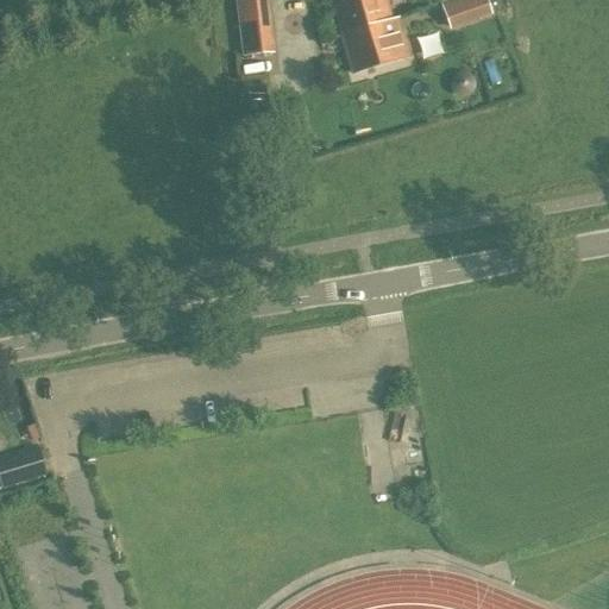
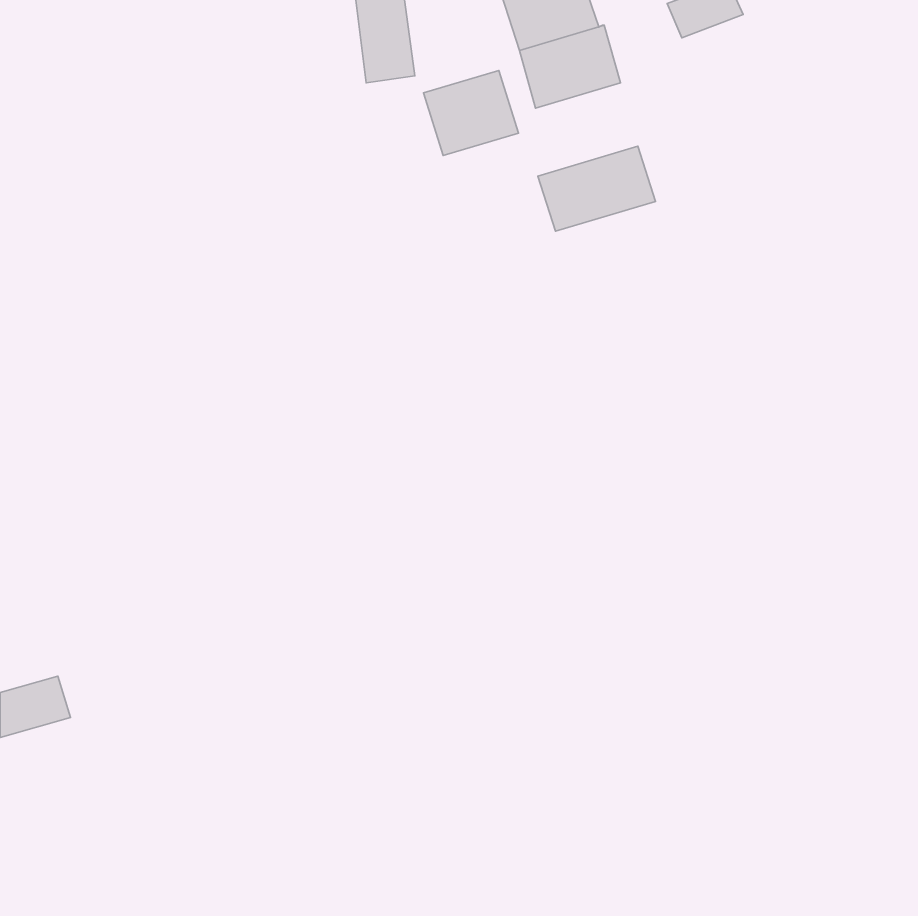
building: none -> [423,70,518,156]
building: none -> [538,146,656,231]

